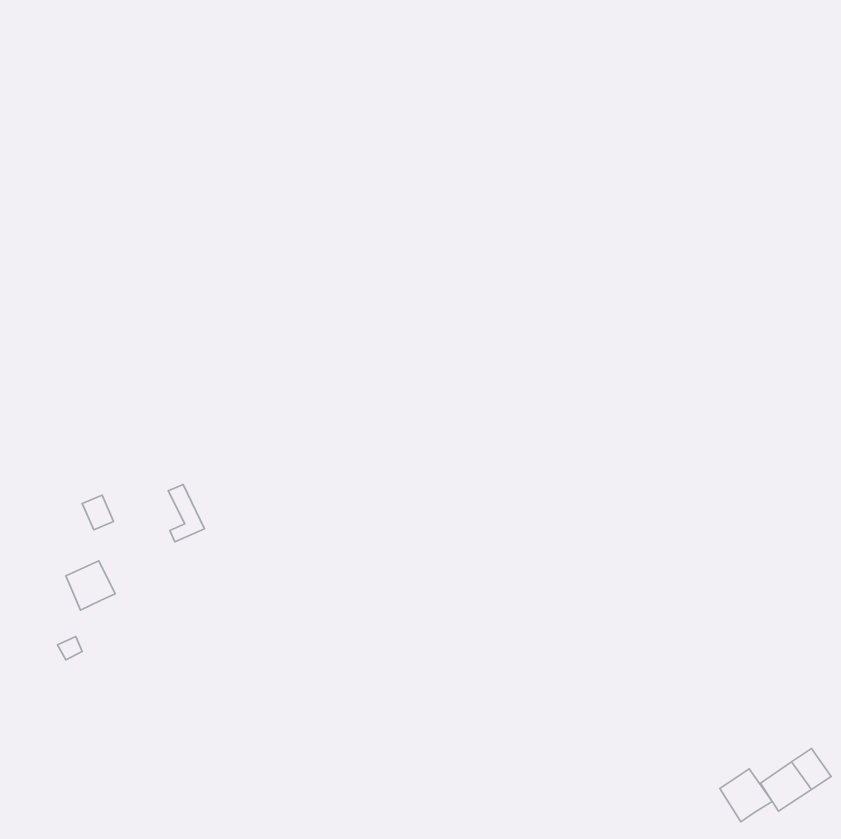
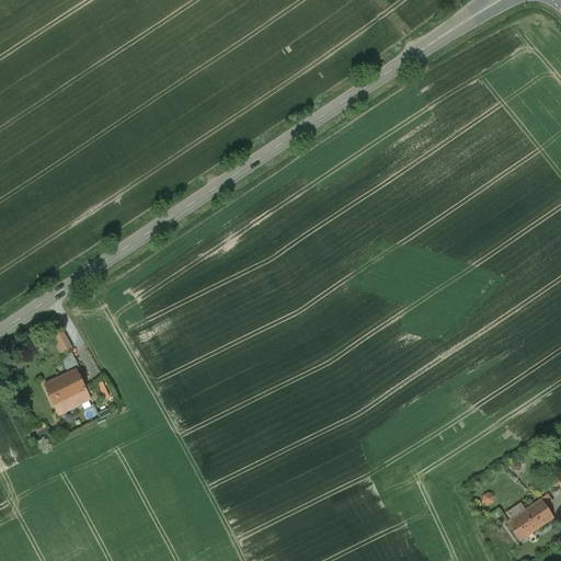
building: [168,484,204,542] -> [66,369,90,408]
building: [720,769,772,822] -> none

